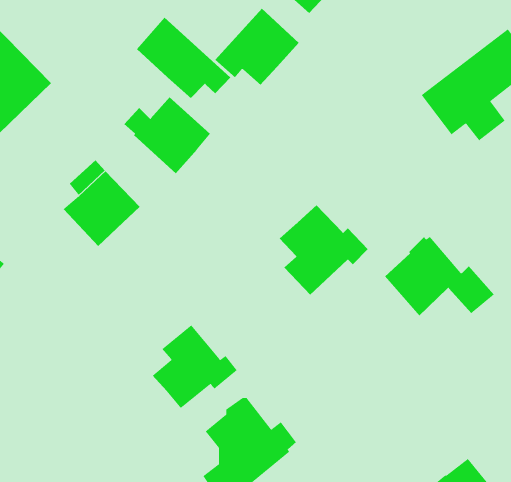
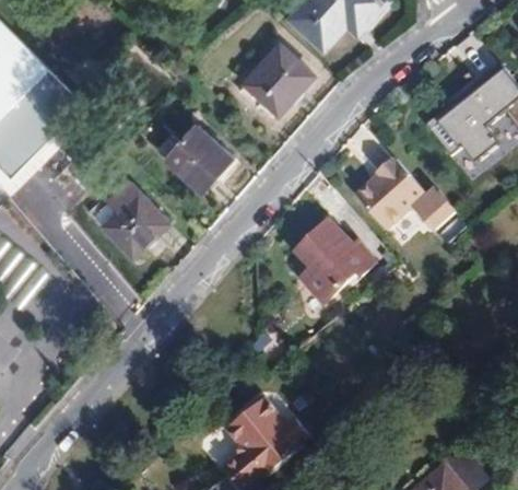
building: [136,17,231,99] -> none
building: [384,236,494,316] -> [354,159,454,231]
building: [152,325,237,409] -> none

